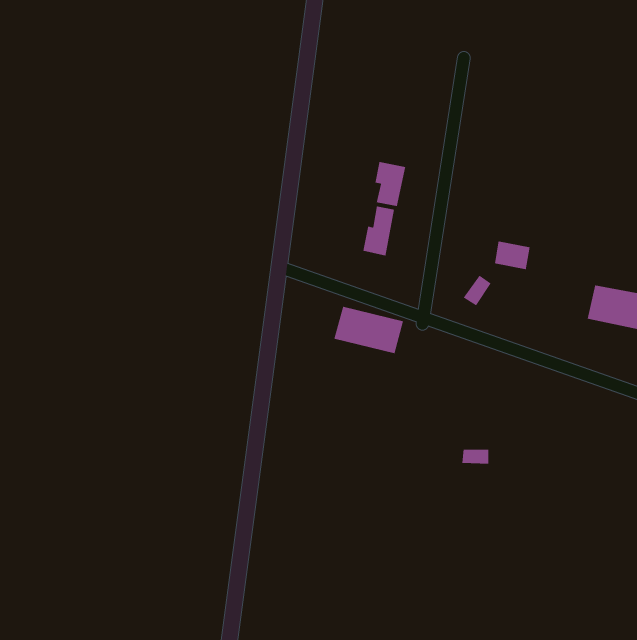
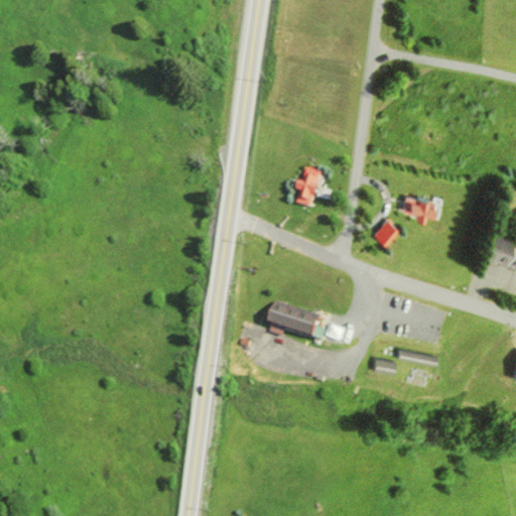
building: [375,161,406,207] -> none
building: [334,306,404,354] -> [266,299,322,338]

